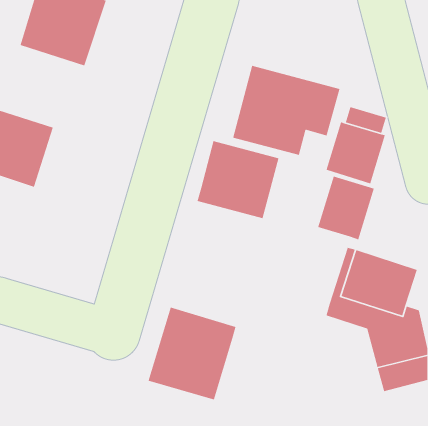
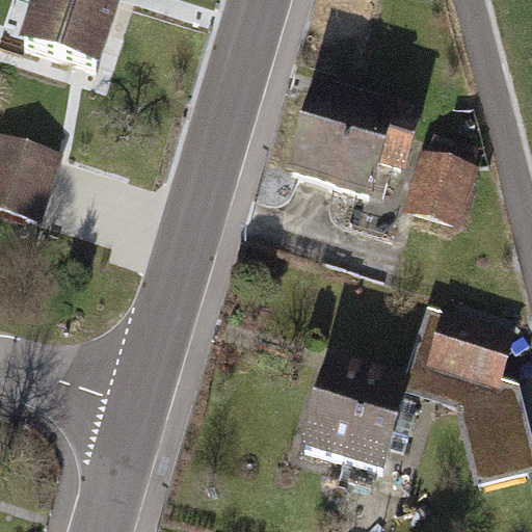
building: [197,140,280,219] -> none
building: [317,175,375,240] -> none
building: [147,306,236,401] -> [296,350,406,467]

